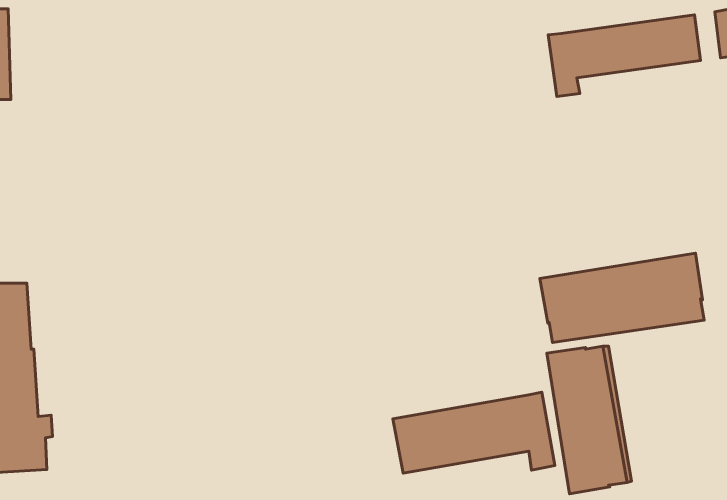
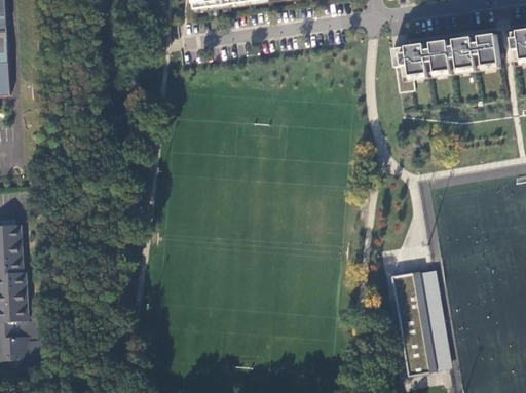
building: [540,253,704,342] -> none
building: [393,392,555,473] -> none

